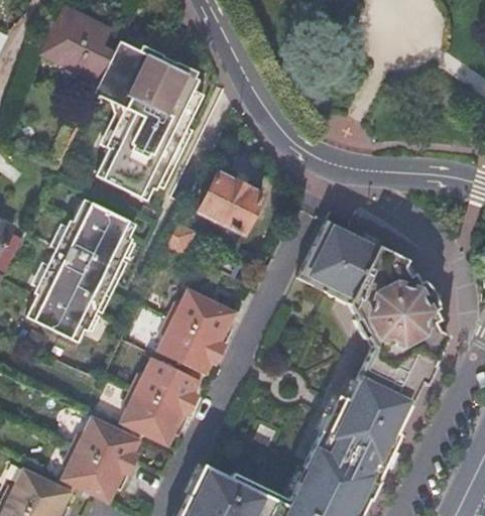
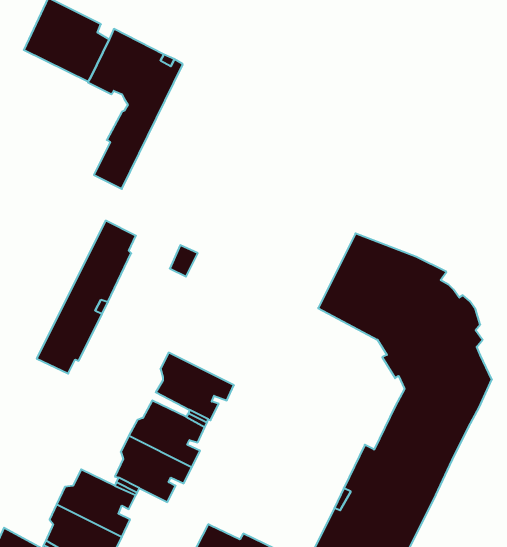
building: [127,70,204,190] -> none
building: [196,171,260,234] -> none
building: [29,192,113,324] -> none
building: [167,291,234,347] -> none

